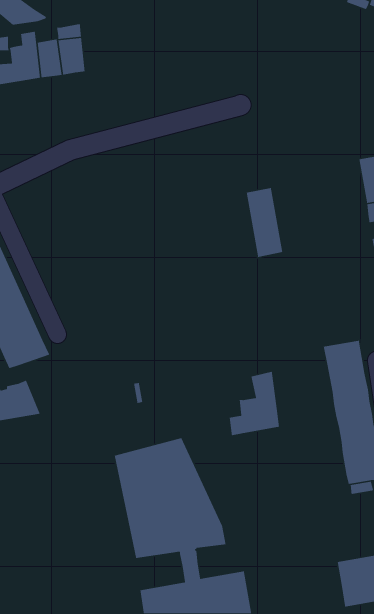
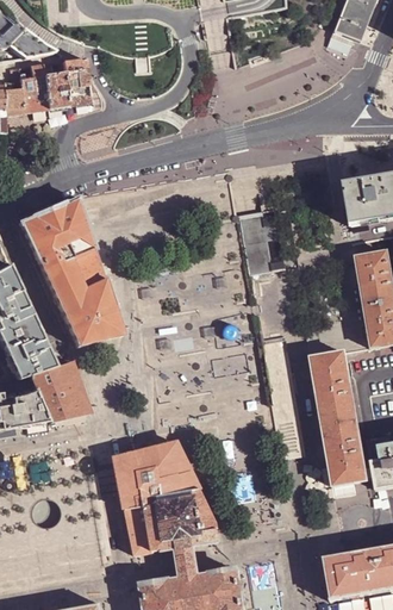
building: none -> [19,194,124,344]
building: none -> [29,359,89,421]
building: [229,371,280,436] -> none

